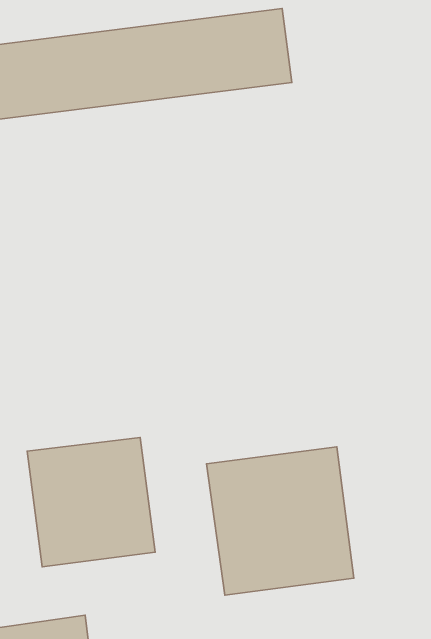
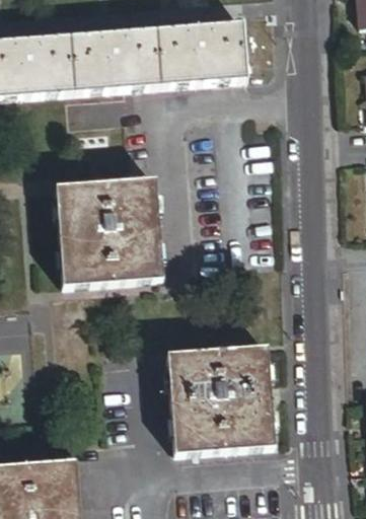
building: none -> [55,177,158,284]
building: [27,438,155,567] -> none

